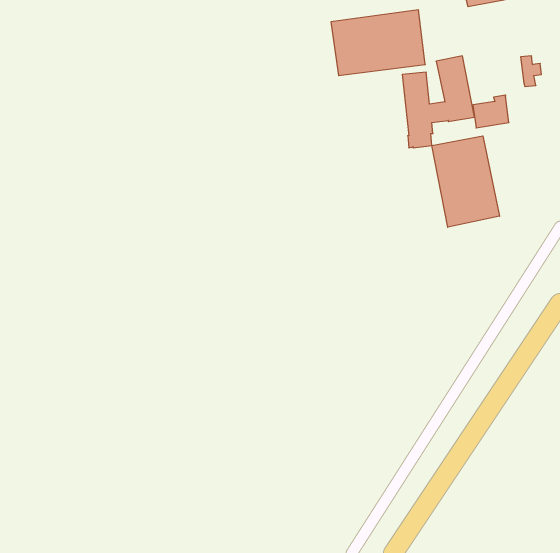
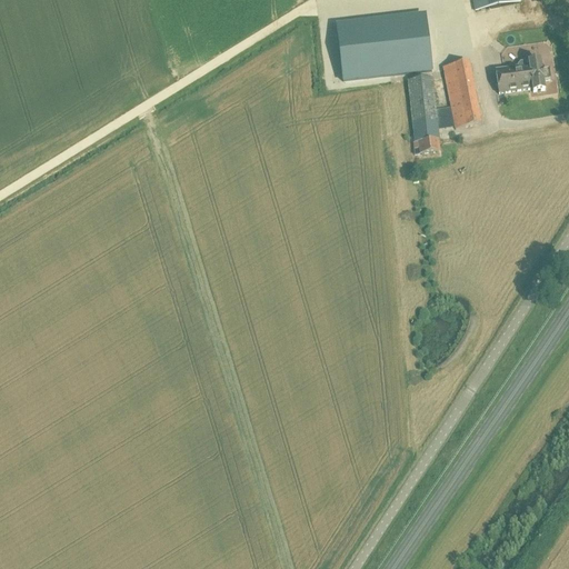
building: [473,95,509,128] -> [495,57,531,90]
building: [432,136,500,227] -> none

